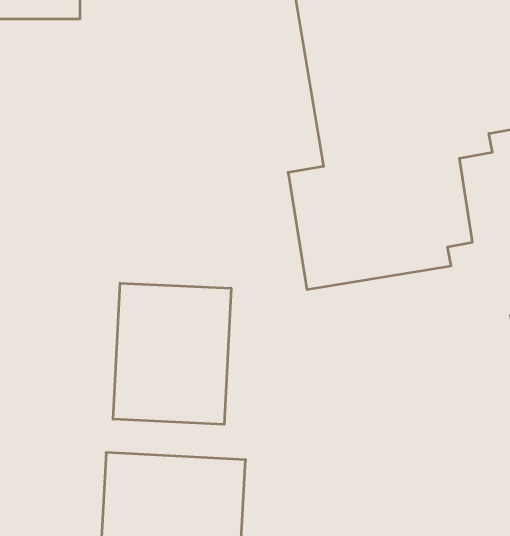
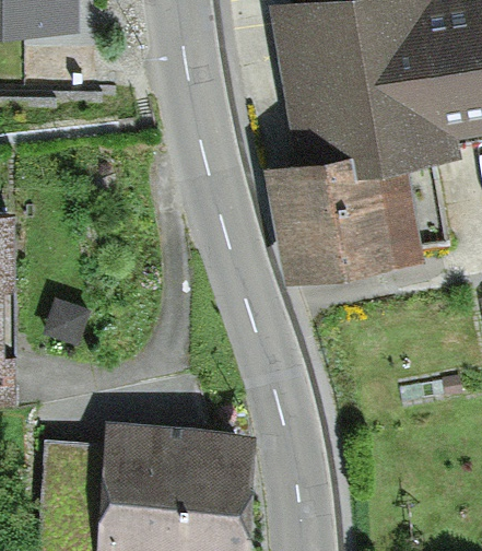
building: [113,283,231,424] -> none

